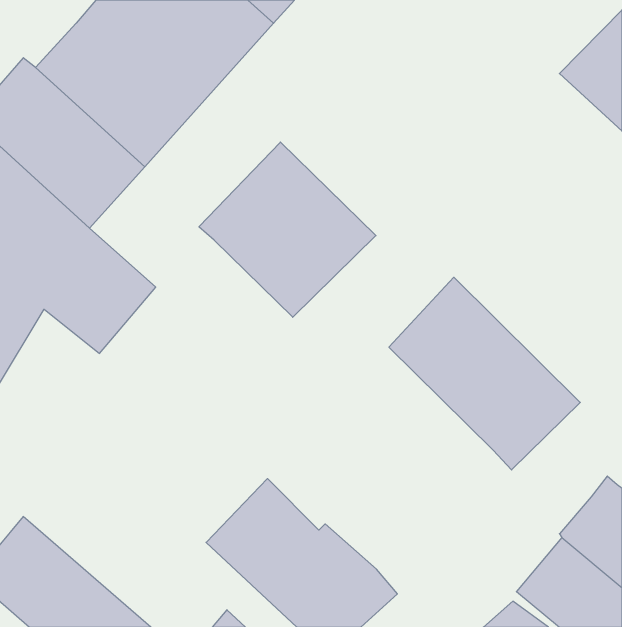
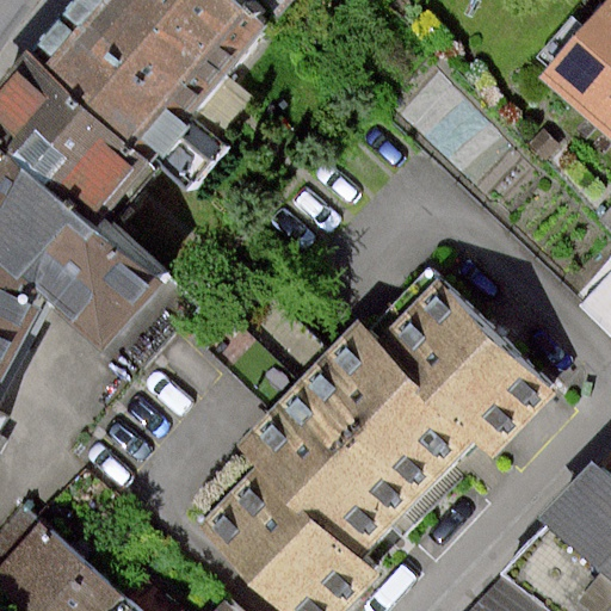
building: [199,142,376,317] -> none
building: none -> [240,320,480,554]

